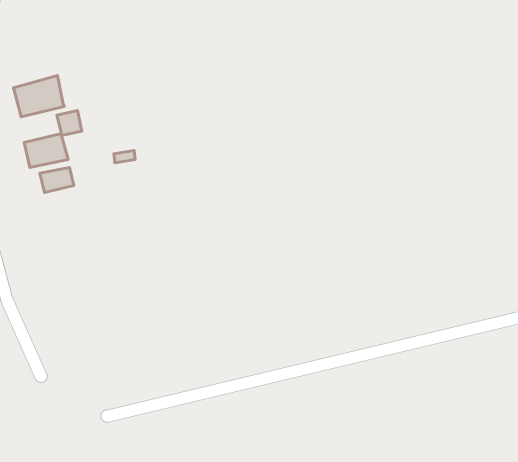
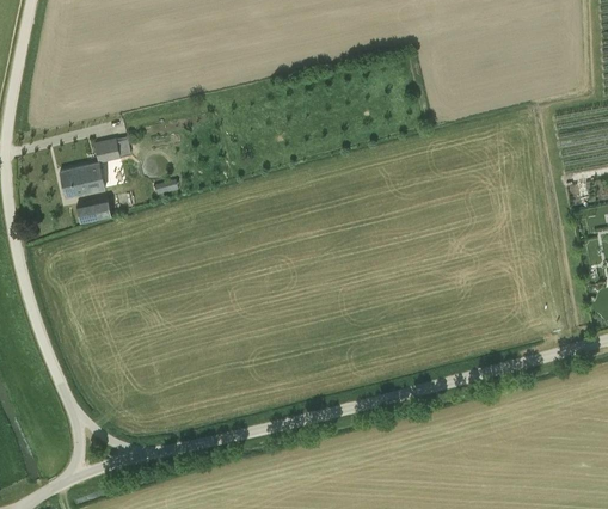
building: [14,76,64,117] -> none

